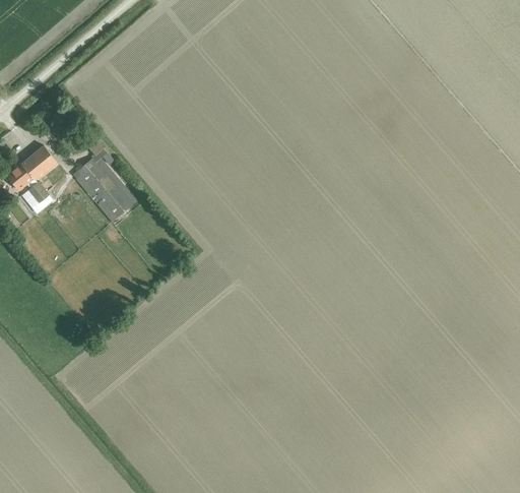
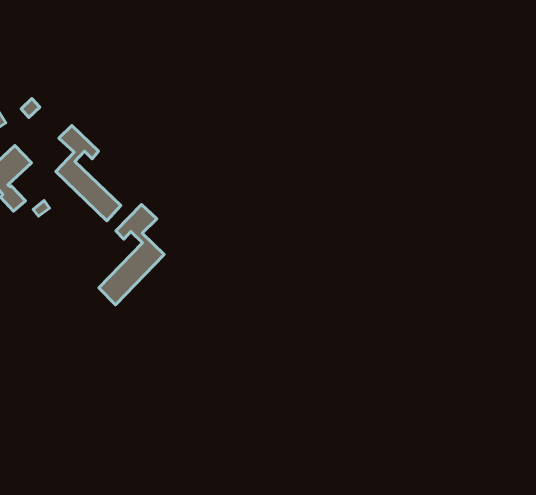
building: none -> [99,205,164,305]

